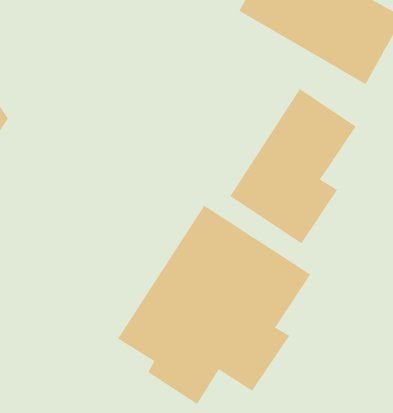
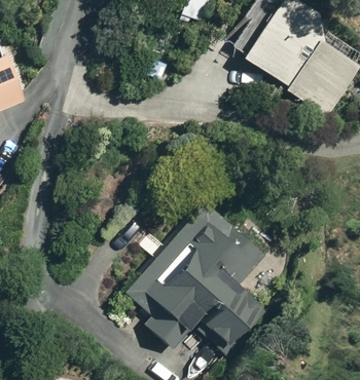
building: [229,88,356,244] -> none

